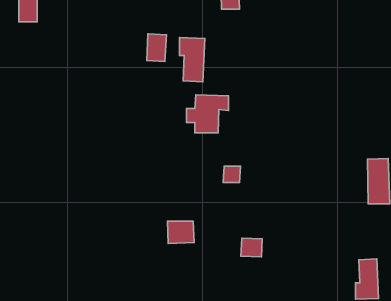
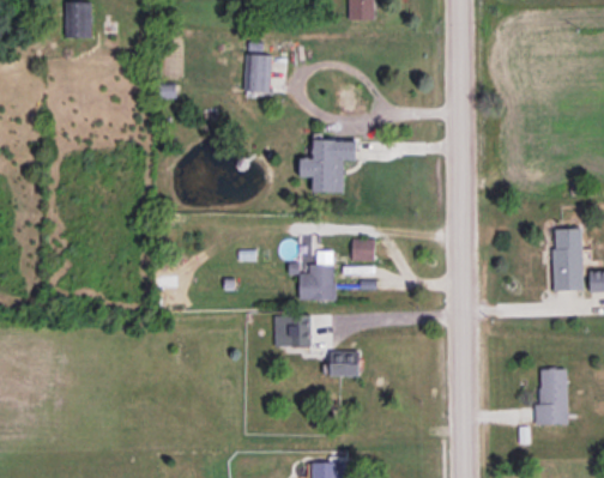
building: [179,37,205,82] -> none
building: none -> [298,252,334,302]
building: [241,238,262,257] -> [330,351,360,377]

